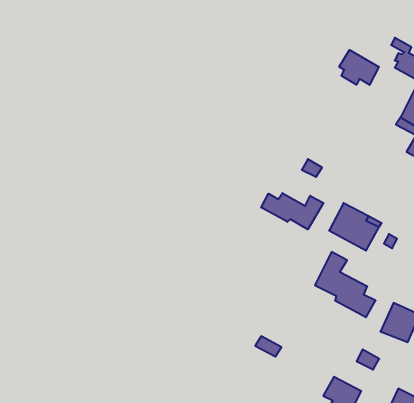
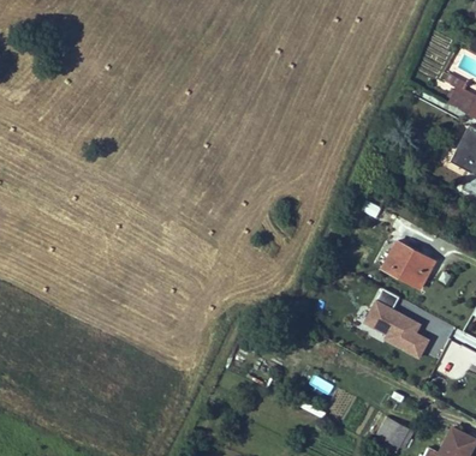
building: [339,50,379,85] -> none
building: [261,193,323,229] -> none

